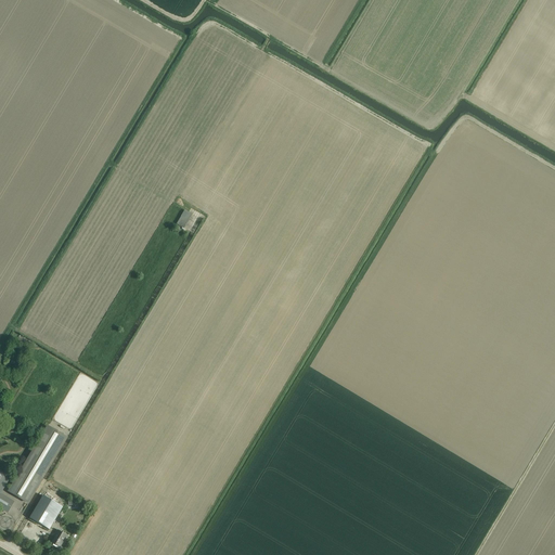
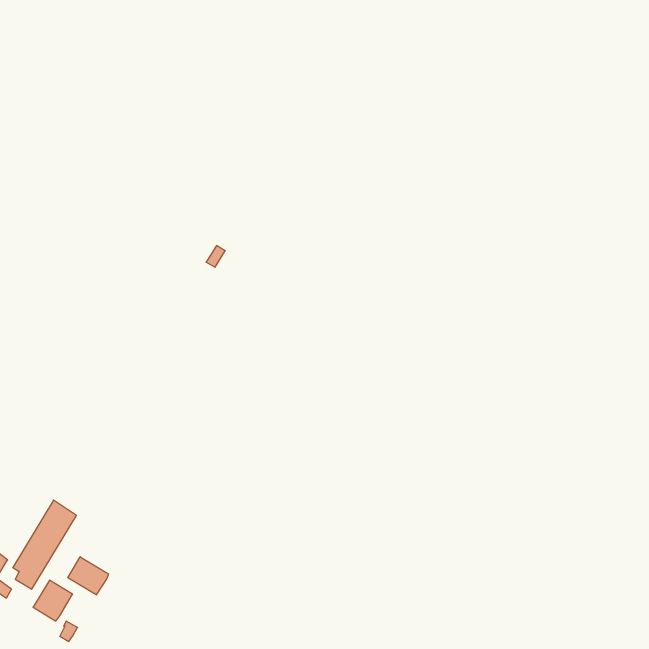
building: none -> [68,557,109,595]

